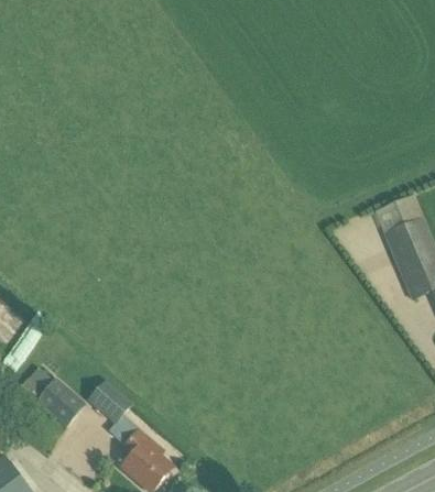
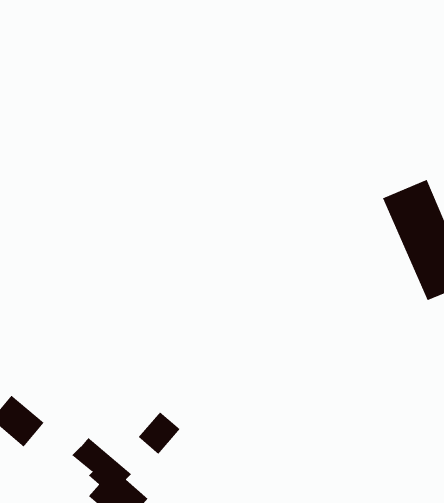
building: [87,381,131,424] -> none
building: none -> [138,411,180,455]

